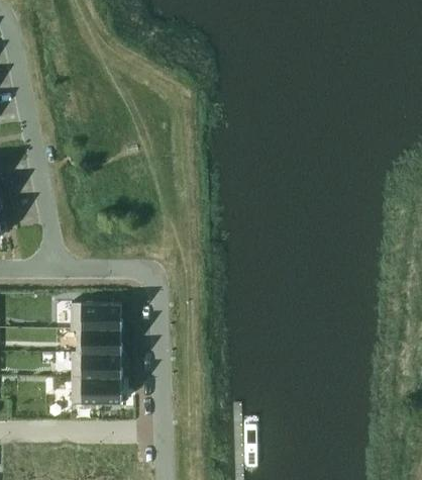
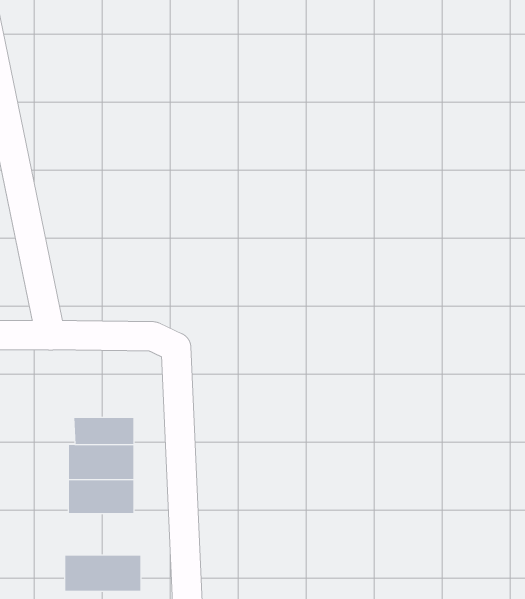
building: [70,303,119,331] -> none
building: none -> [65,555,141,591]

